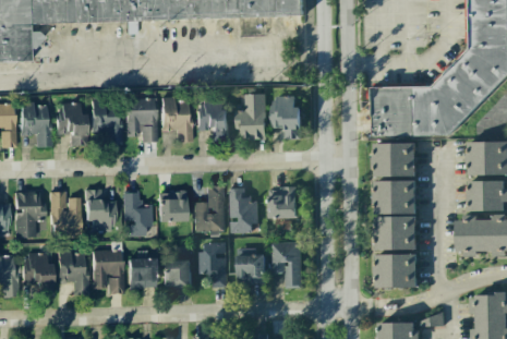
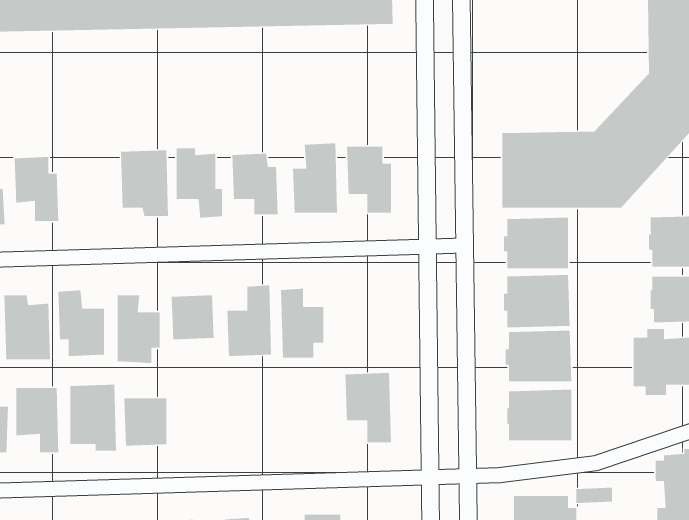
building: [90,100,121,144] -> none
building: [268,186,298,219] -> none
building: [198,243,227,288] -> none
building: [237,250,266,284] -> none
building: [165,259,191,288] -> none

